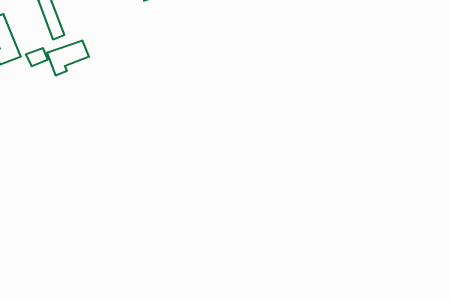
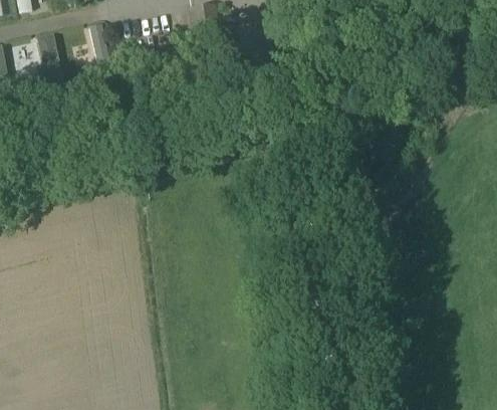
building: [47,40,89,76] -> none

